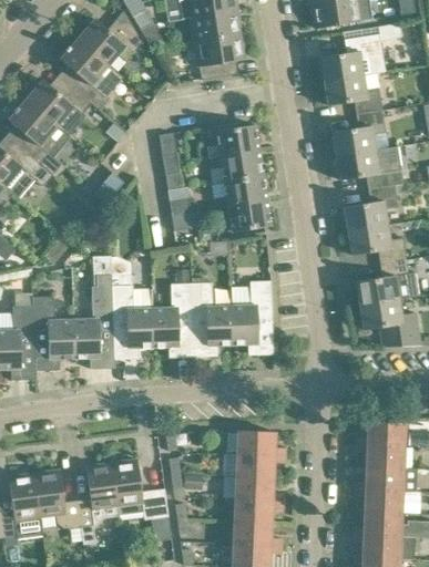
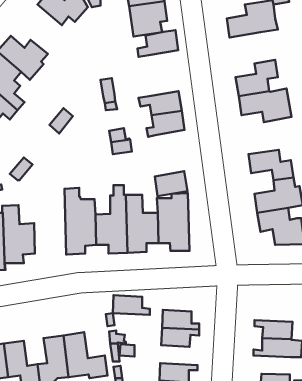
building: [60,38,122,109] -> none
building: [324,73,382,113] -> none
building: [206,123,258,157] -> [138,30,178,57]
building: [344,182,405,229] -> none
building: [228,198,270,230] -> [155,171,188,196]
building: [73,274,115,368] -> none
building: [356,420,405,444] -> none
building: [235,474,283,499] -> [113,295,150,315]
building: [354,487,402,512] -> none

